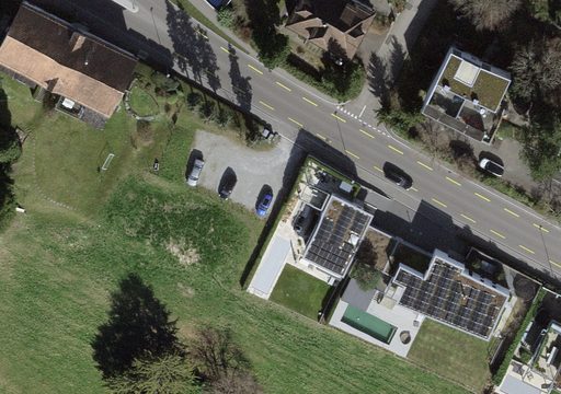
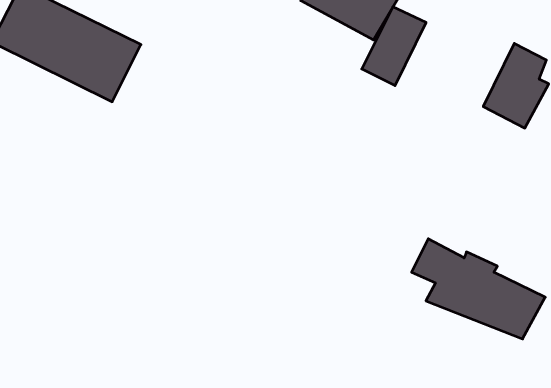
building: [421,47,480,119] -> [362,7,426,86]
building: [306,197,401,274] -> none
building: [335,281,404,348] -> none

